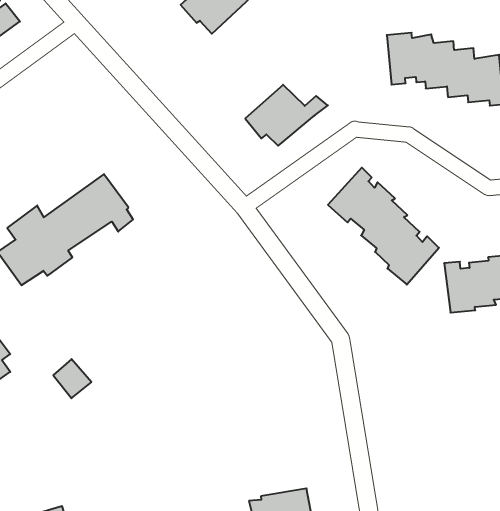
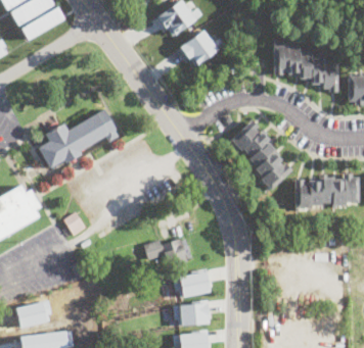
building: [245,85,328,146] -> [176,29,224,63]
building: none -> [144,239,192,269]
building: none -> [171,269,208,296]

